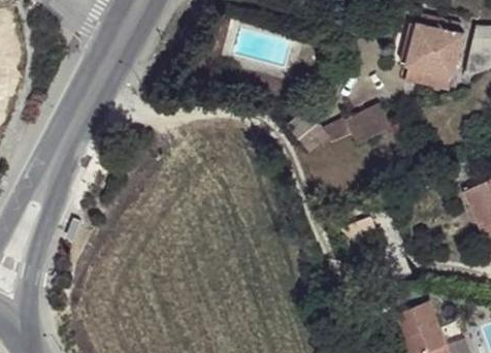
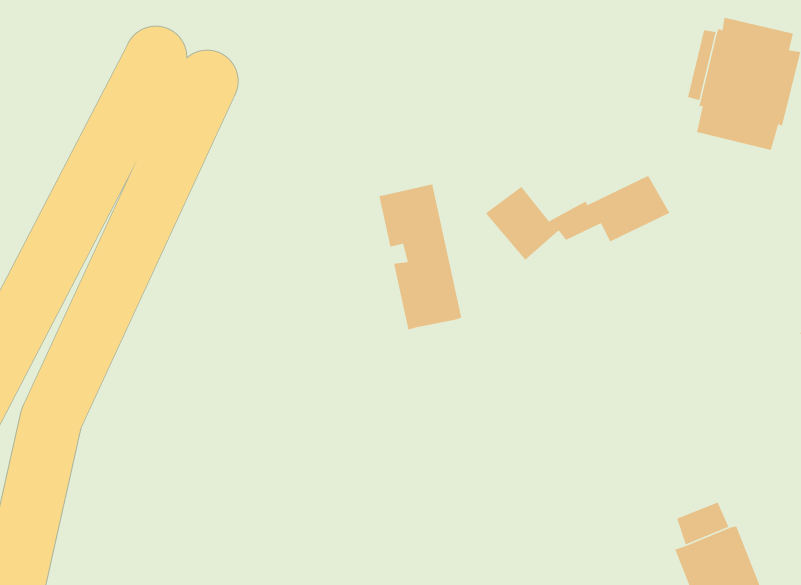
building: none -> [378,183,462,330]

